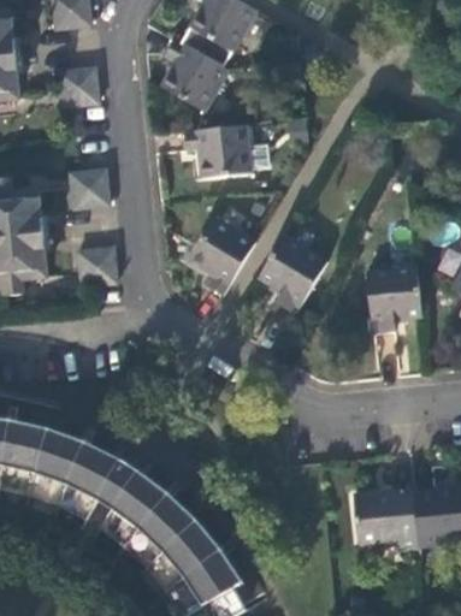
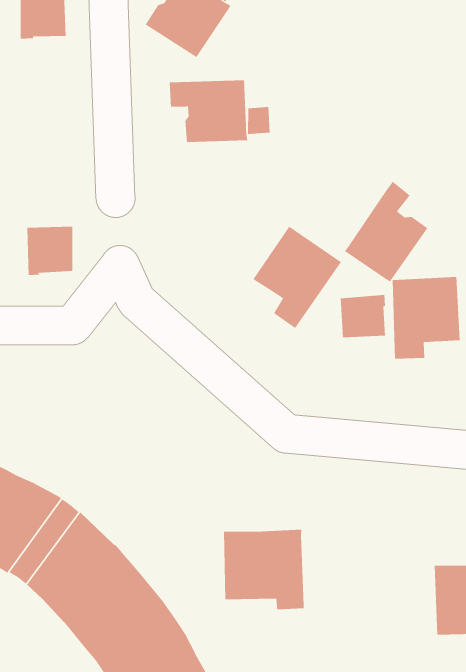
building: [72,167,111,209] -> none
building: none -> [344,181,428,283]
building: [189,217,255,294] -> none
building: none -> [340,294,386,338]
building: [353,485,420,549] -> [223,529,305,610]

